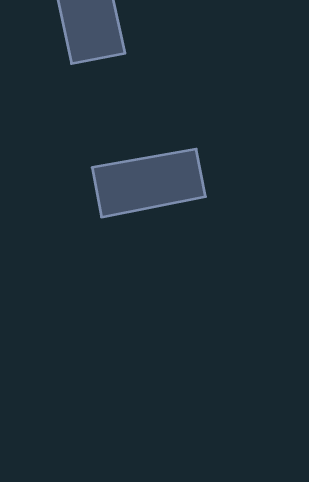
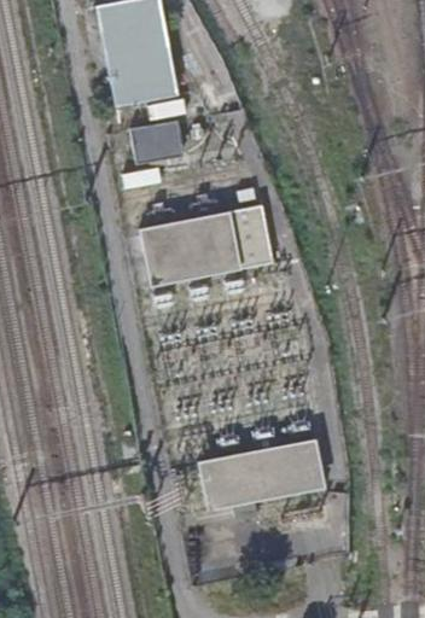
building: none -> [132,117,186,159]
building: none -> [197,438,324,511]

